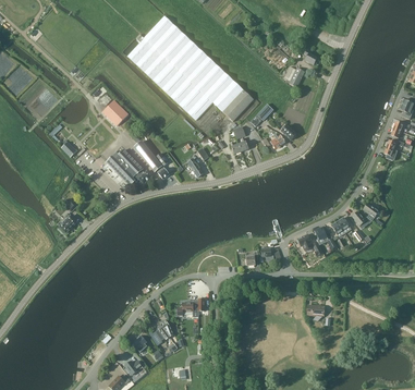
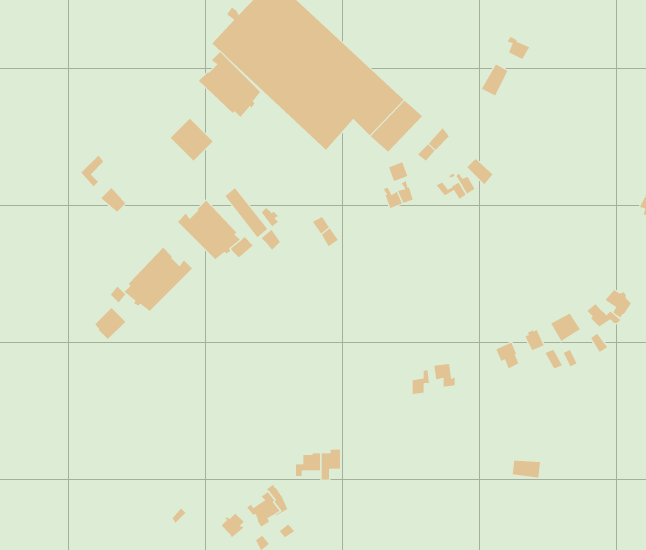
building: none -> [198,51,261,118]
building: none -> [124,247,193,312]

